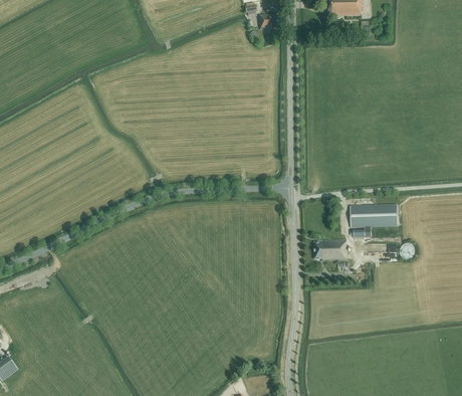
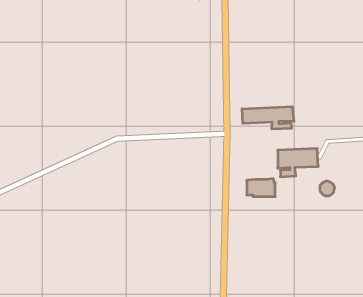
building: none -> [242,107,294,129]

